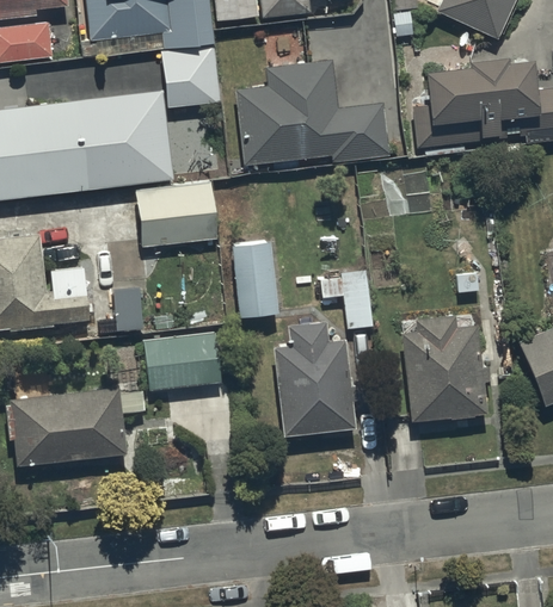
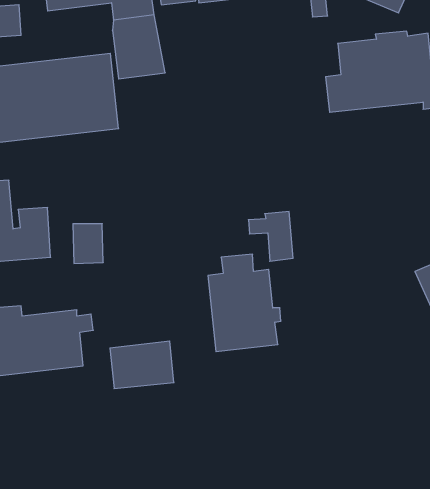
building: [236,63,389,168] -> none
building: [131,180,213,244] -> none
building: [231,241,278,316] -> none
building: [403,315,490,420] -> none
building: [145,332,220,388] -> [110,341,174,389]

